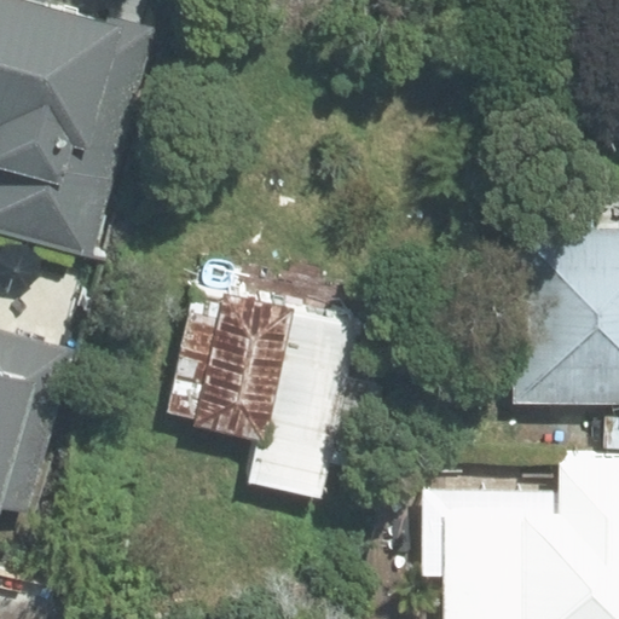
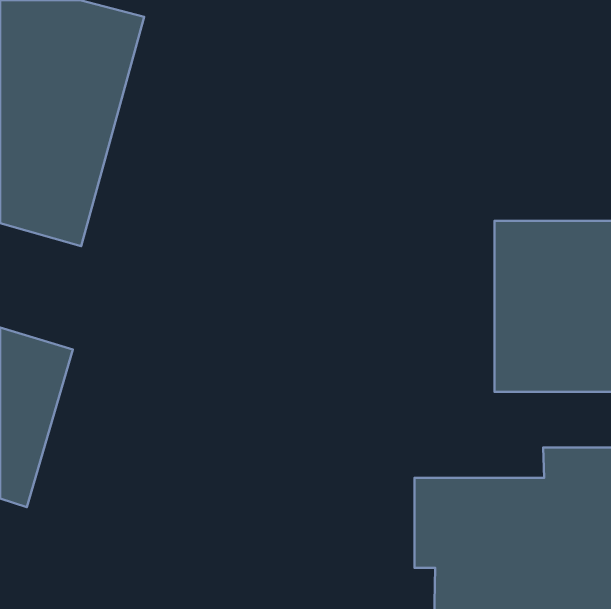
building: [168,296,359,498] -> none

